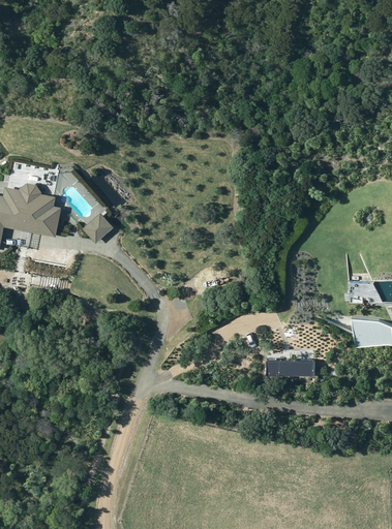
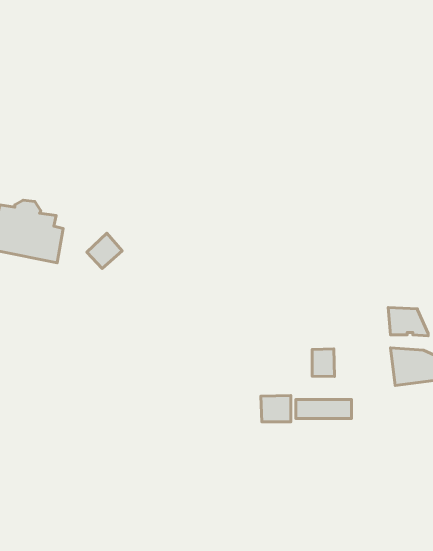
building: none -> [312,349,335,376]
building: none -> [261,395,291,422]

